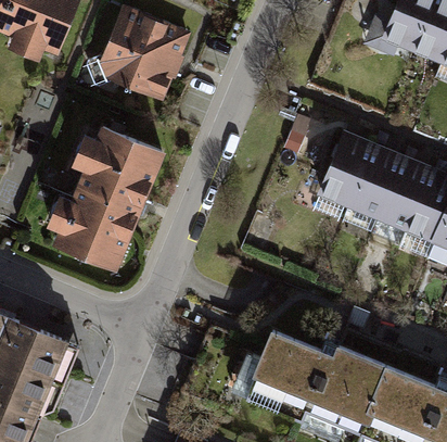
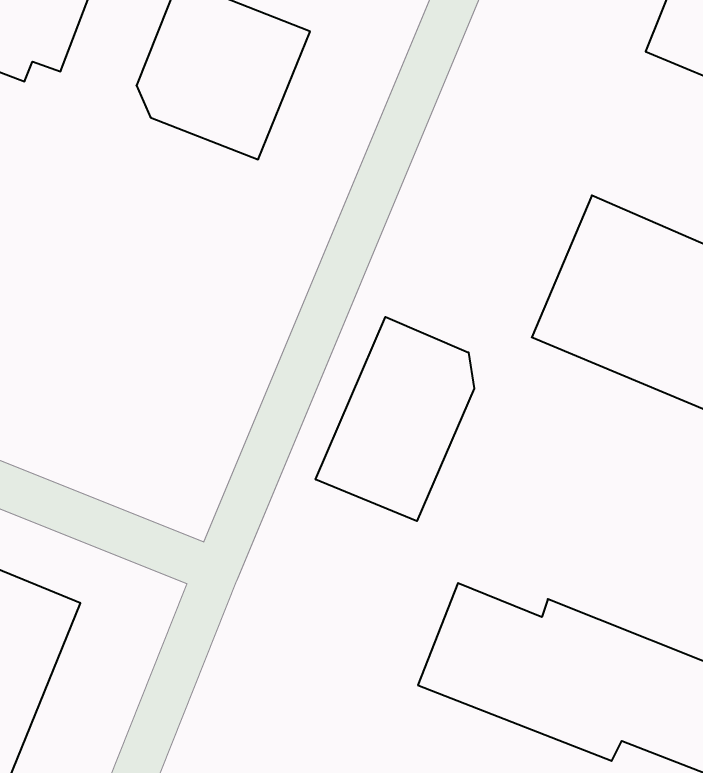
building: [46,127,163,270] -> none
building: none -> [316,317,474,521]

